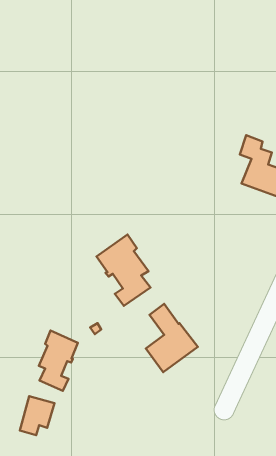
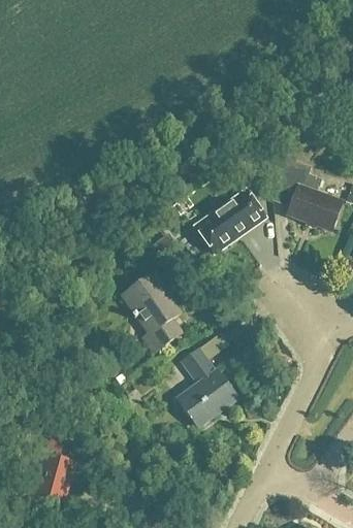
building: none -> [194,190,264,253]
building: [39,330,78,391] -> none

